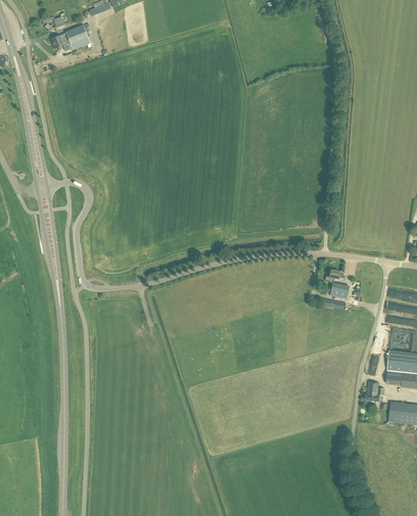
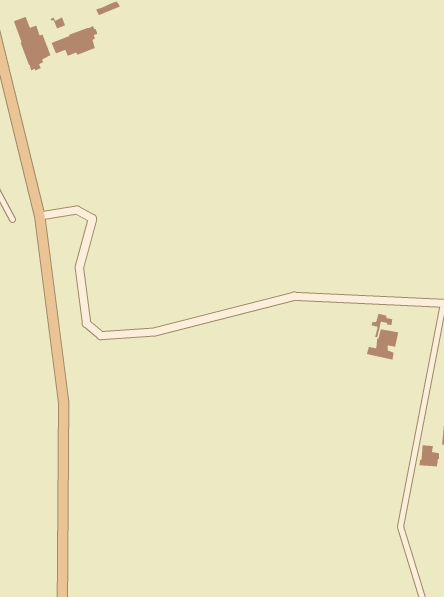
building: none -> [13,16,52,72]

